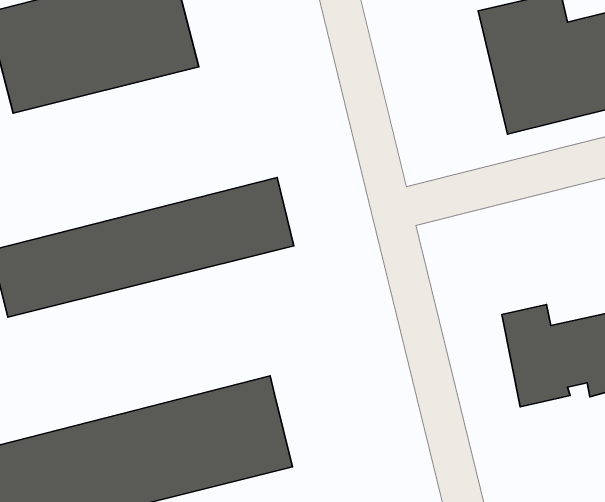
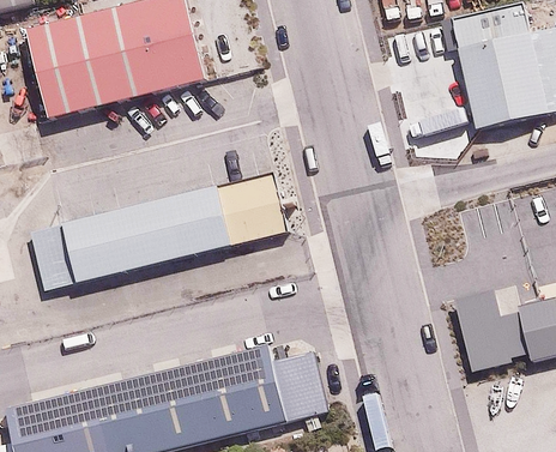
building: none -> [270,346,328,420]

